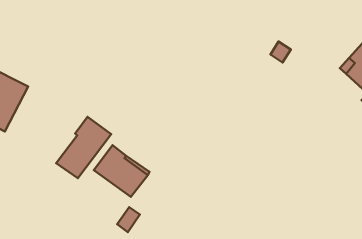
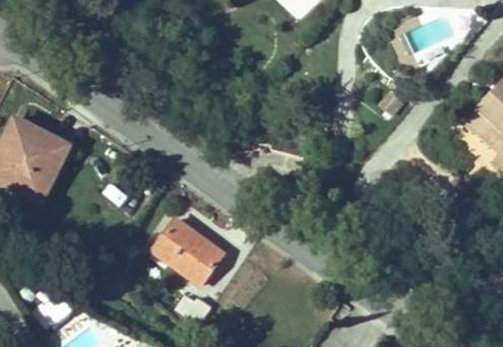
building: [56,117,111,178] -> none

